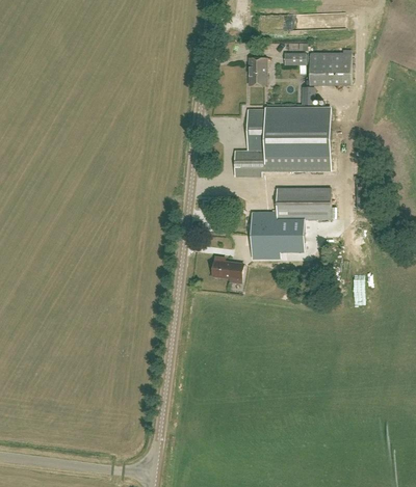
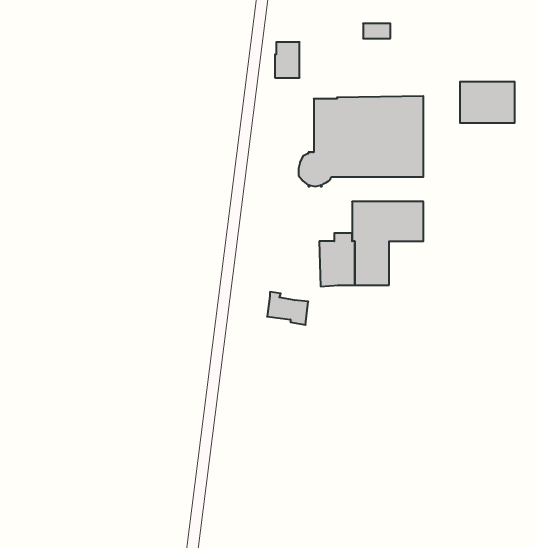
building: [309,53,350,84] -> [460,82,515,123]
building: [248,57,266,84] -> [275,42,300,78]

